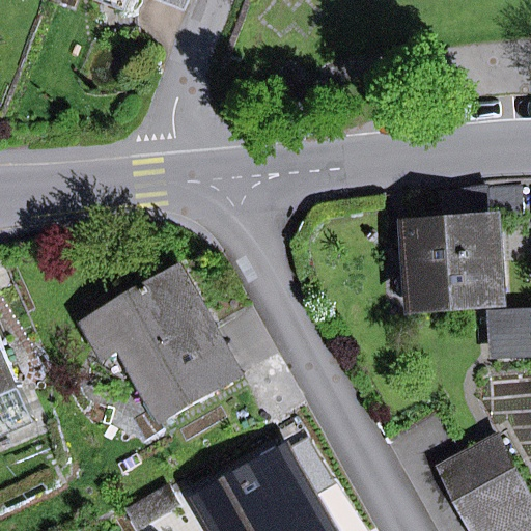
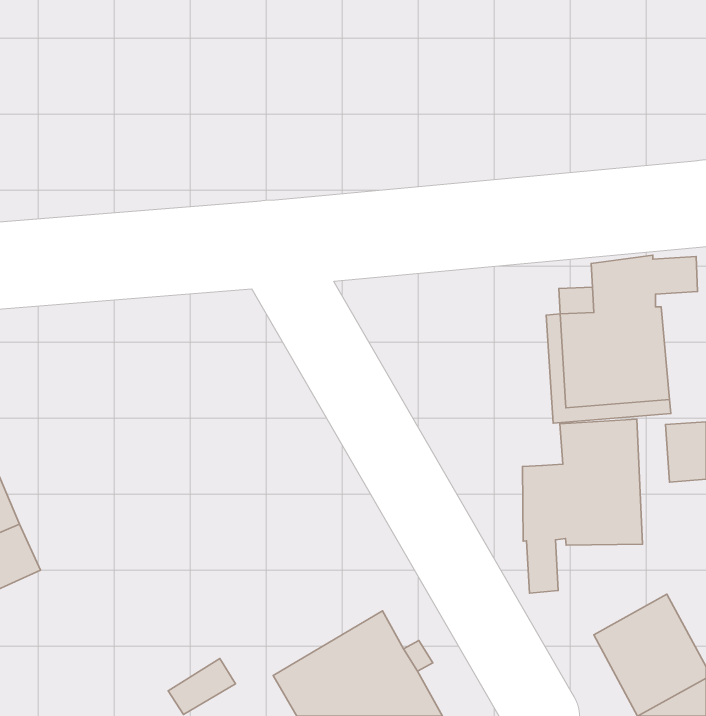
building: [86,272,235,417] -> none
building: none -> [523,419,643,593]

